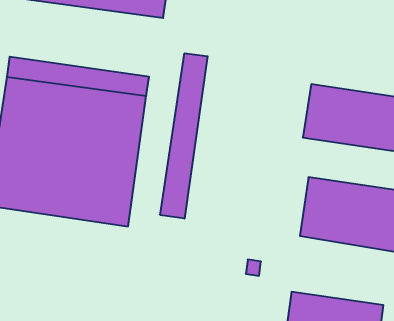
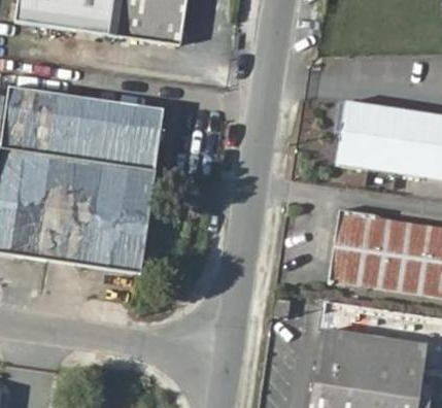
building: [160,53,208,219] -> none

